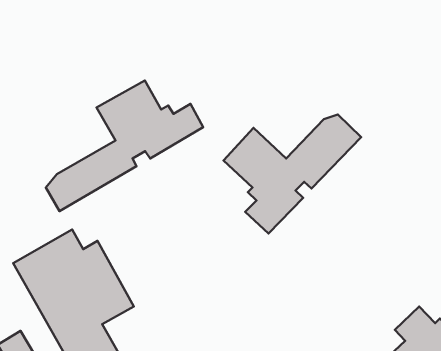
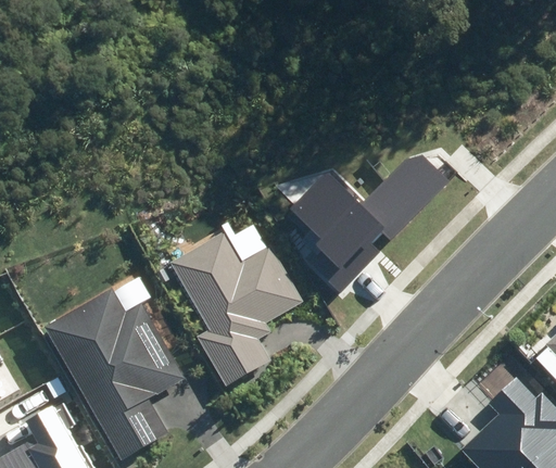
building: [46,80,203,211] -> none
building: none -> [172,231,304,385]

